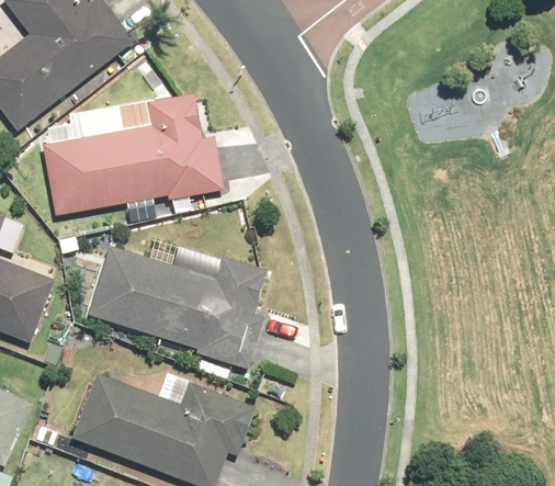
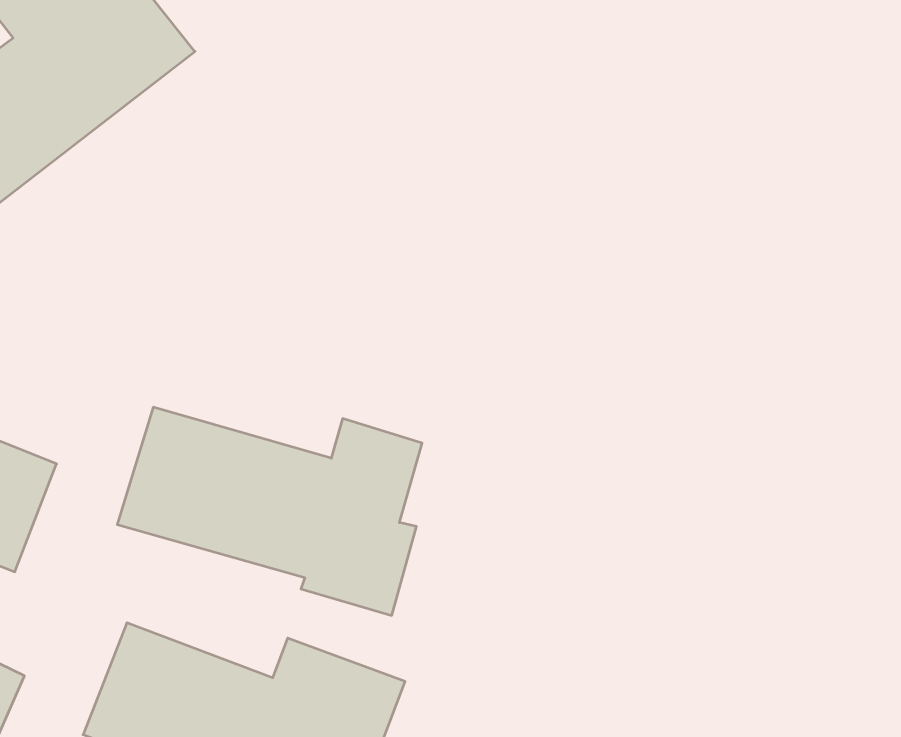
building: [42,93,224,214] -> none

